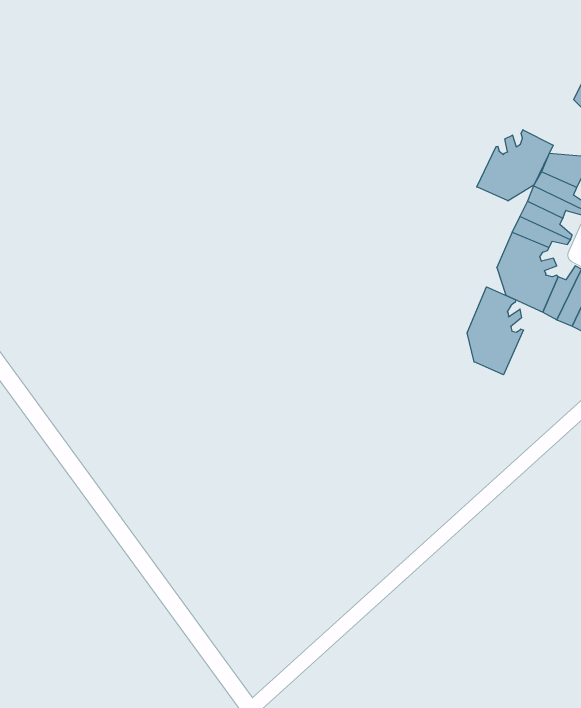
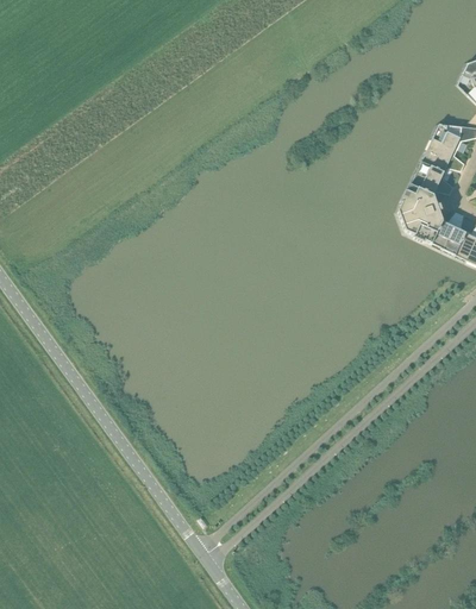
building: [477,130,553,201] -> none
building: [467,287,523,375] -> none

